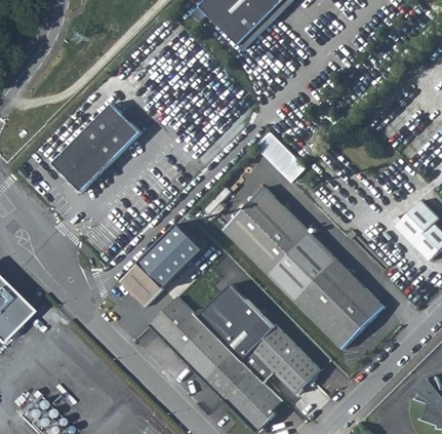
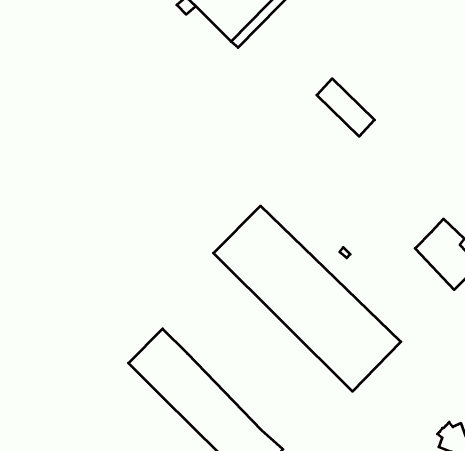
building: [52,105,142,193] -> none
building: [255,129,306,180] -> [317,79,375,136]
building: [118,223,203,306] -> none
building: [199,285,319,394] -> none

